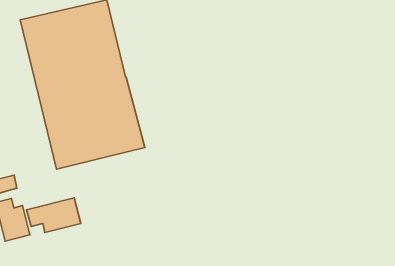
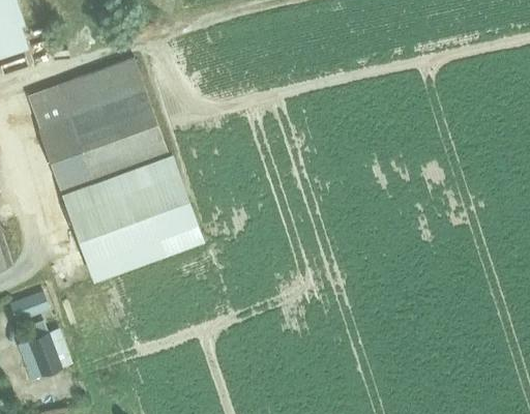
building: [27,198,81,232] -> none

